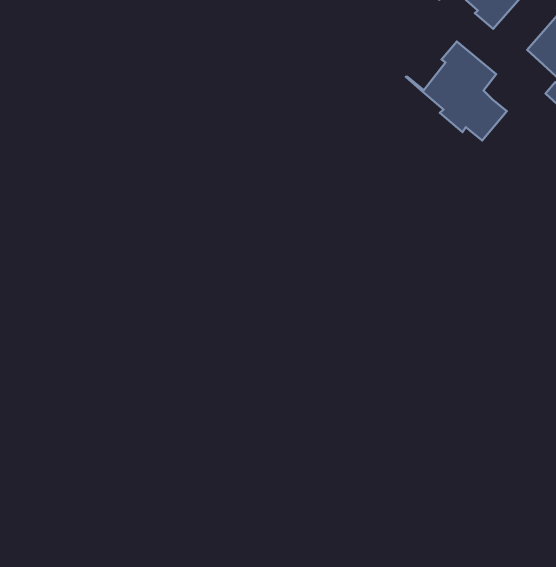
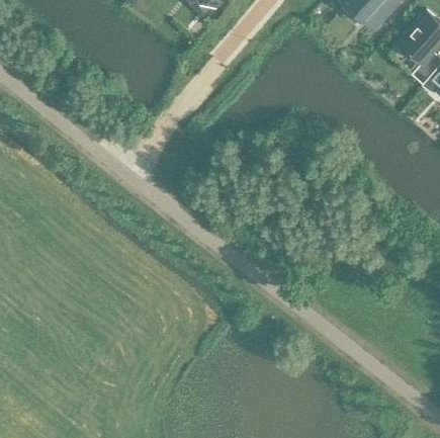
building: [406,41,507,141] -> none

